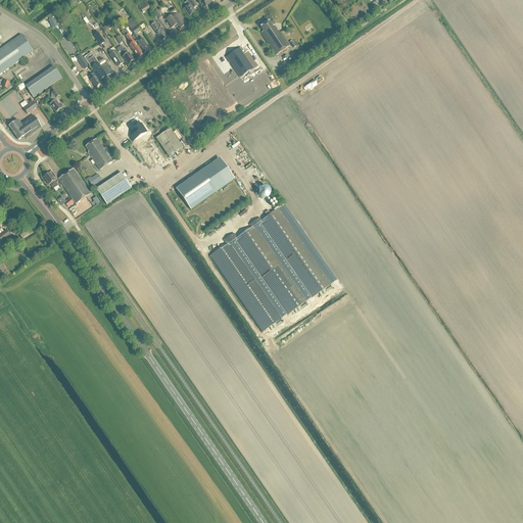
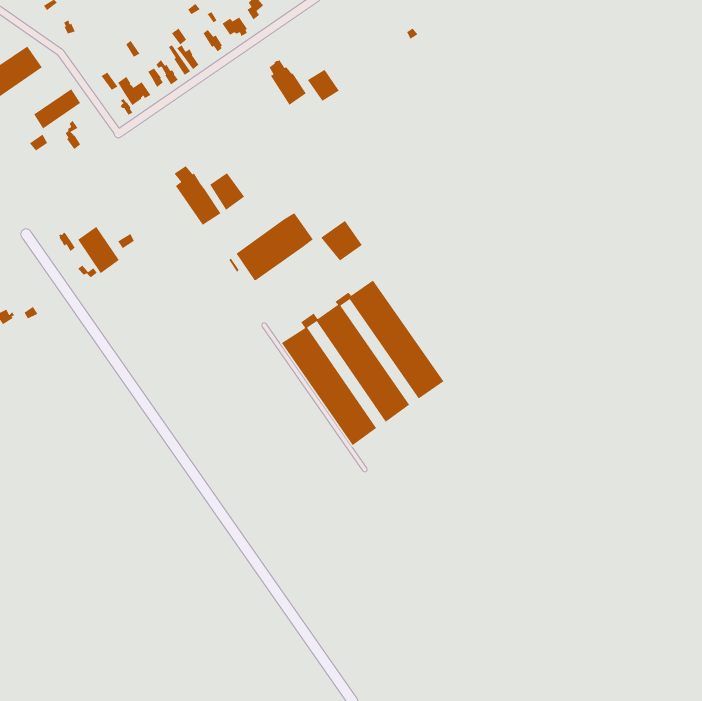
building: [259,19,288,54] -> [268,59,307,106]
building: [8,114,41,139] -> none
building: [85,138,115,170] -> none
building: none -> [320,220,363,262]
building: [95,171,131,203] -> none

